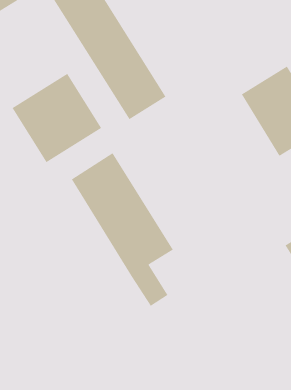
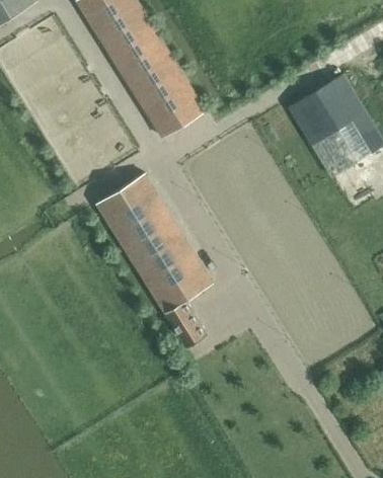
building: [12,73,102,163] -> none

